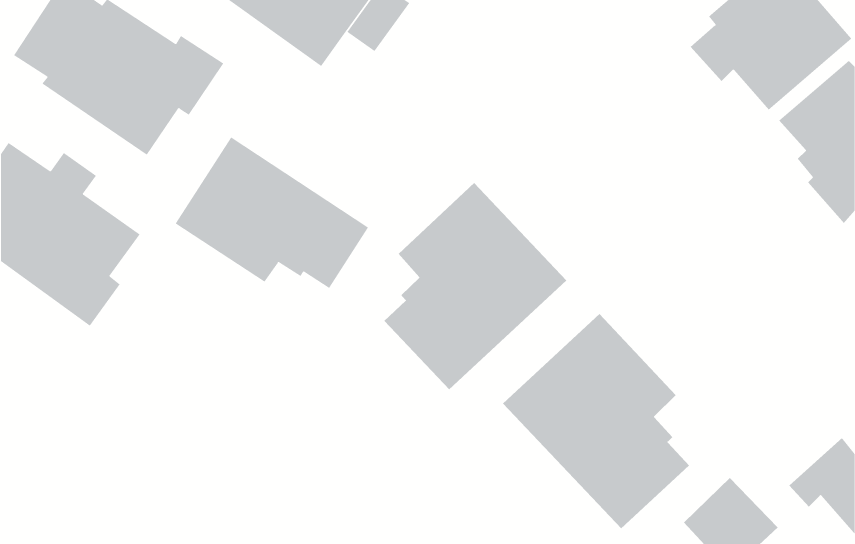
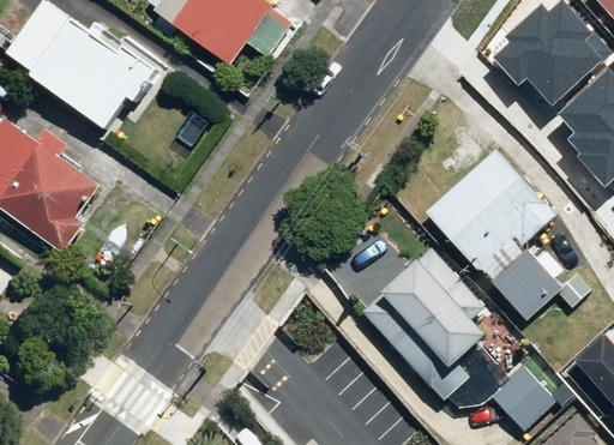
building: [175,136,369,289] -> none
building: none -> [427,149,565,321]
building: [384,182,567,390] -> none

